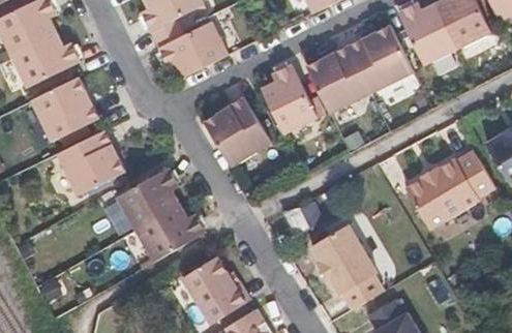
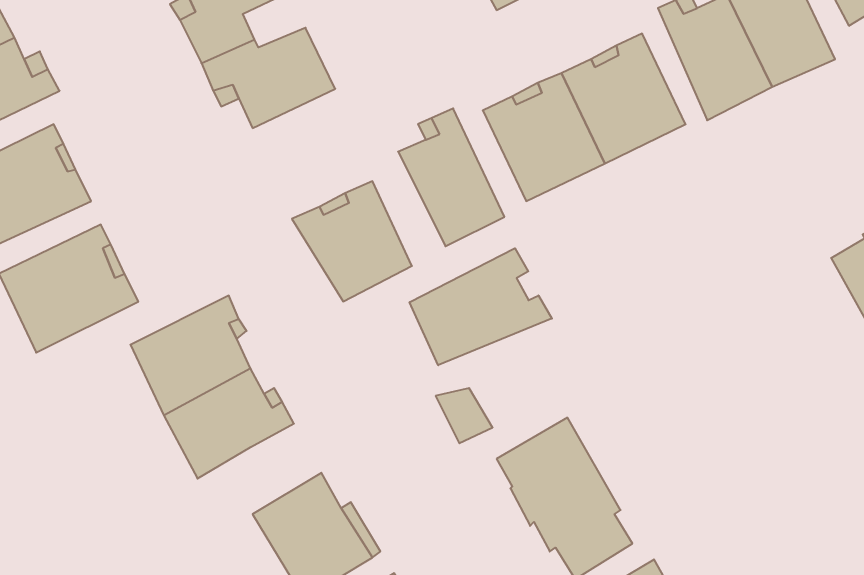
building: none -> [410,248,552,365]
building: [404,148,494,225] -> none

